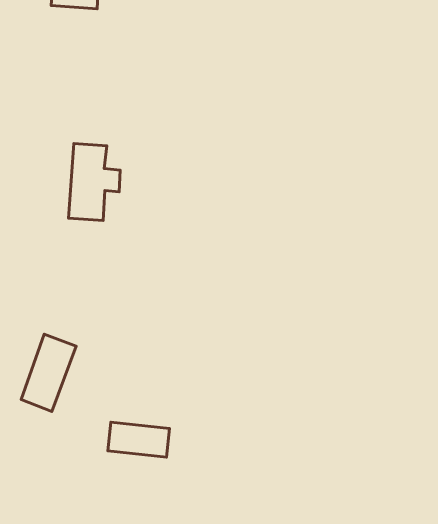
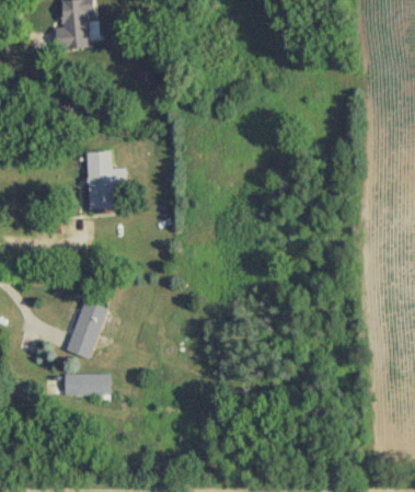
building: [108,422,170,457] -> [66,373,111,394]

